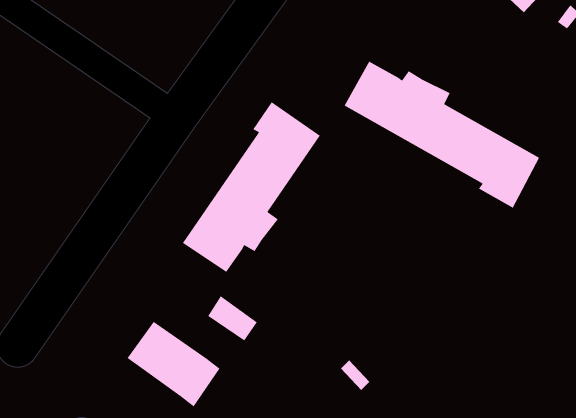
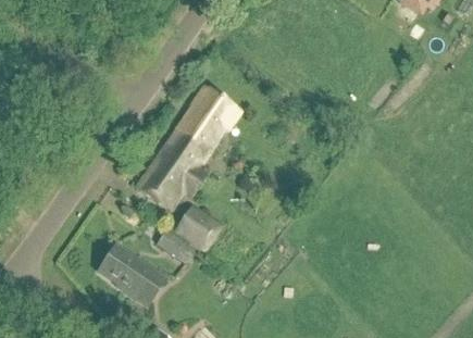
building: [343,60,540,209] -> none
building: none -> [175,201,224,249]

